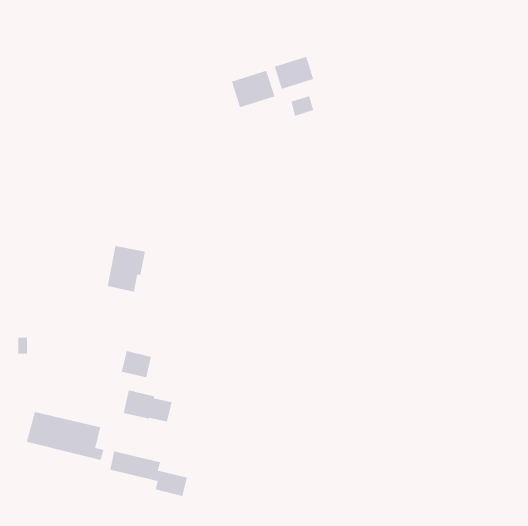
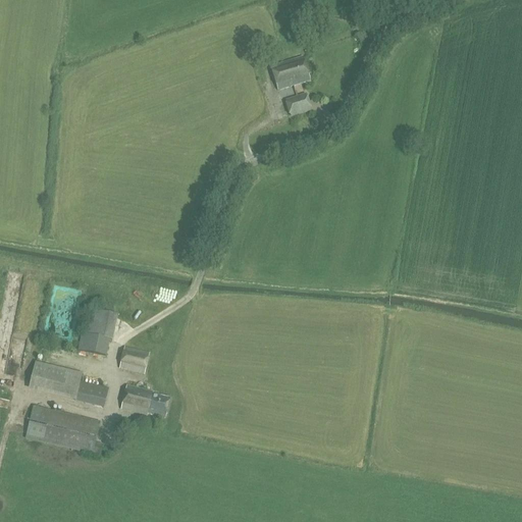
building: [231,70,276,108] -> none
building: [107,245,146,293] -> [79,308,117,355]
building: [109,450,188,497] -> [31,361,108,407]

